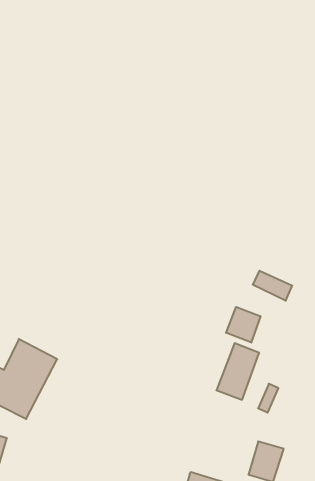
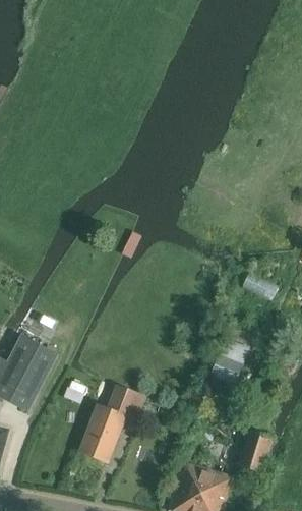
building: [226,307,260,343] -> none
building: none -> [79,385,142,462]

